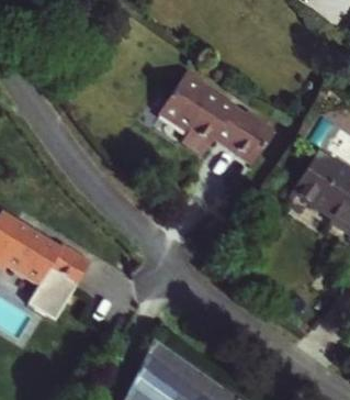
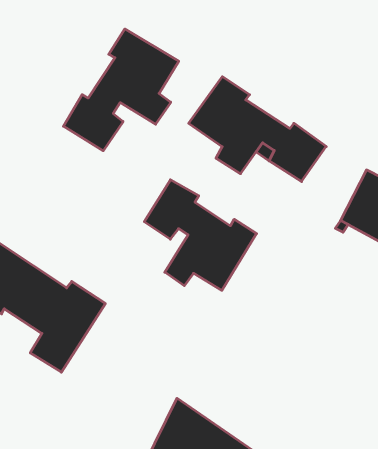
building: none -> [63,29,179,151]
building: none -> [144,180,257,290]

